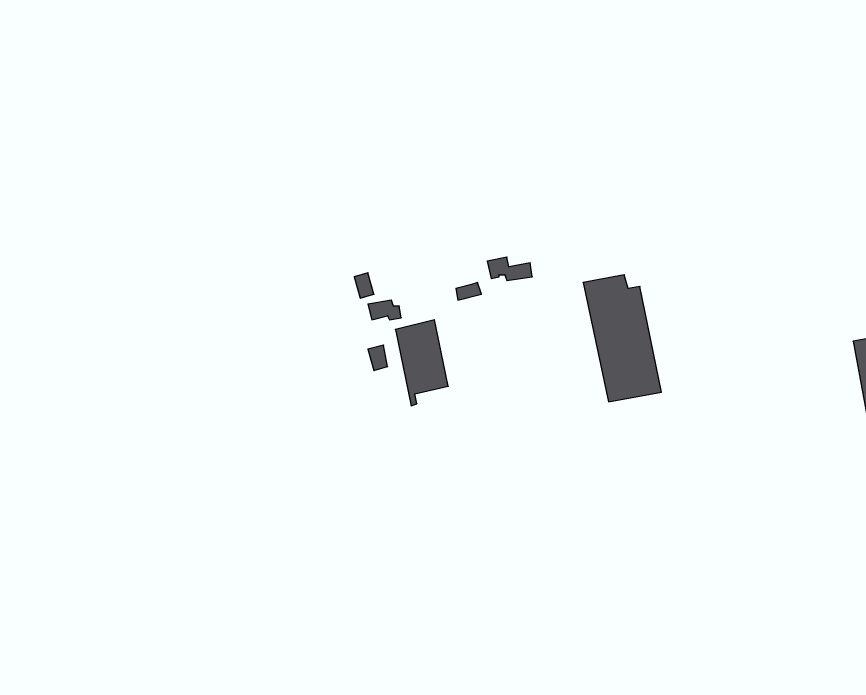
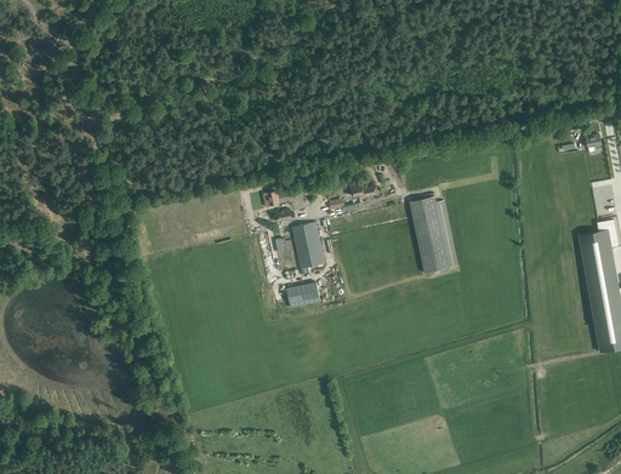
building: none -> [287,281,320,308]

